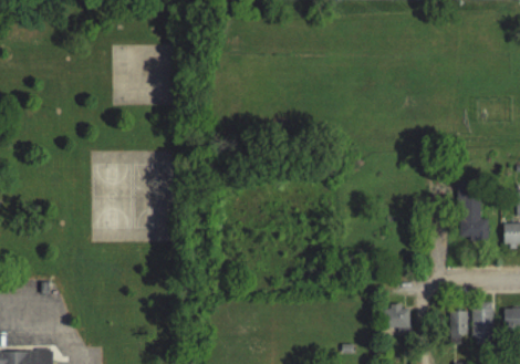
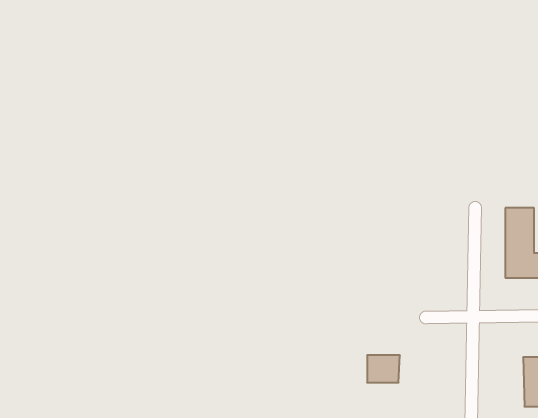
building: [384,308,410,330] -> [367,355,400,383]
building: [450,312,468,336] -> none

